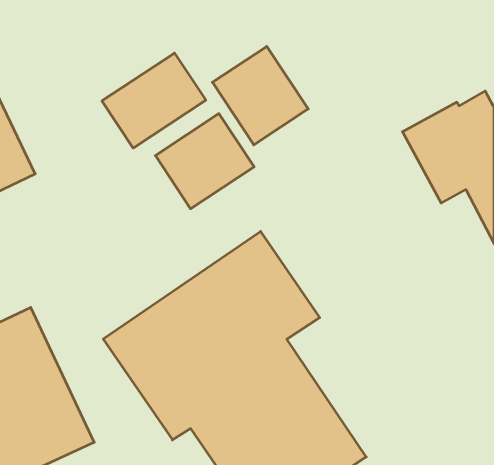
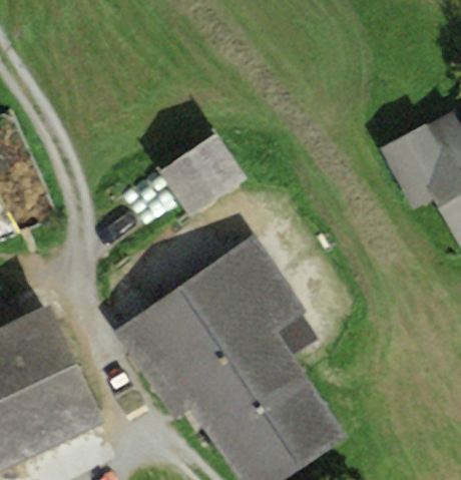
building: [212,46,308,145] -> none
building: [102,53,206,148] -> none

